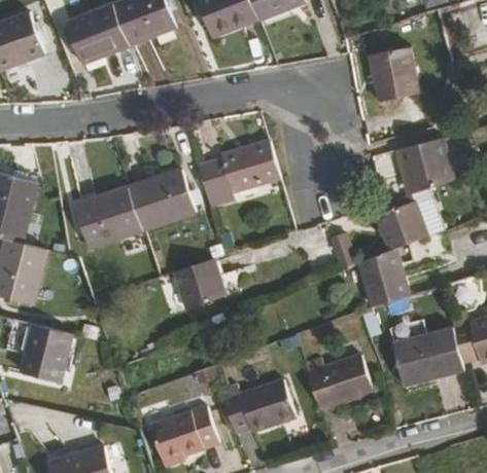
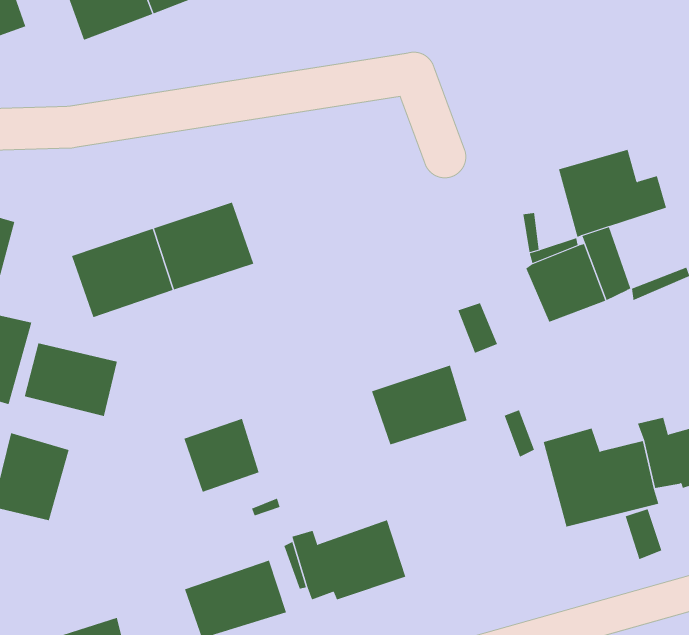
building: [371,44,419,97] -> none
building: [197,142,279,206] -> none
building: [363,245,416,296] -> none
building: [181,256,232,305] -> [184,418,260,493]
building: none -> [24,342,118,417]
building: [307,357,371,410] -> [371,365,467,445]

